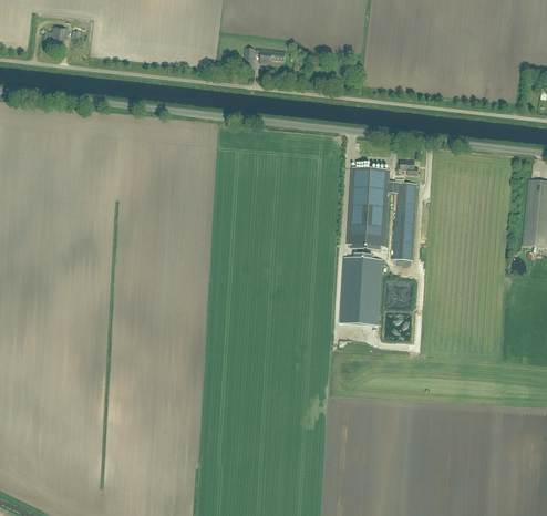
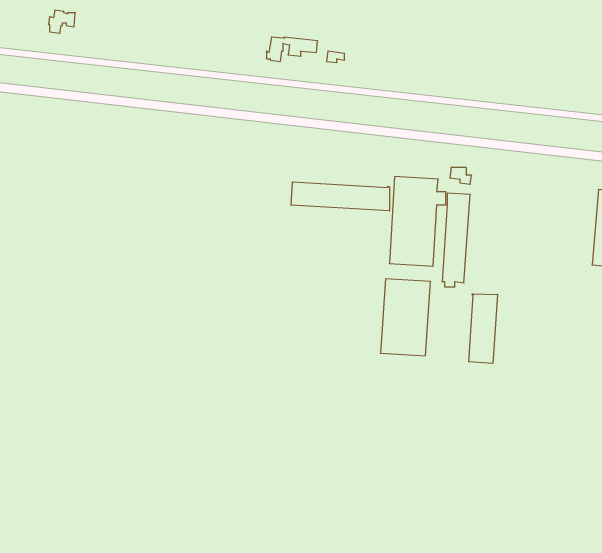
building: none -> [291,182,389,211]
building: none -> [469,294,498,363]

